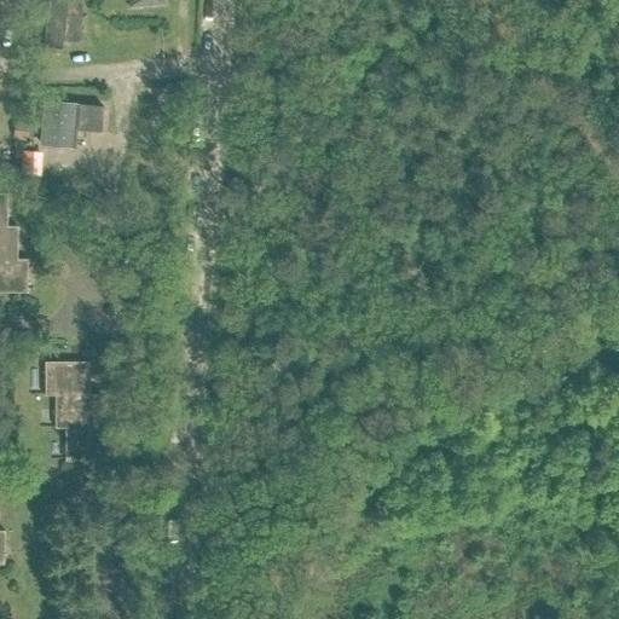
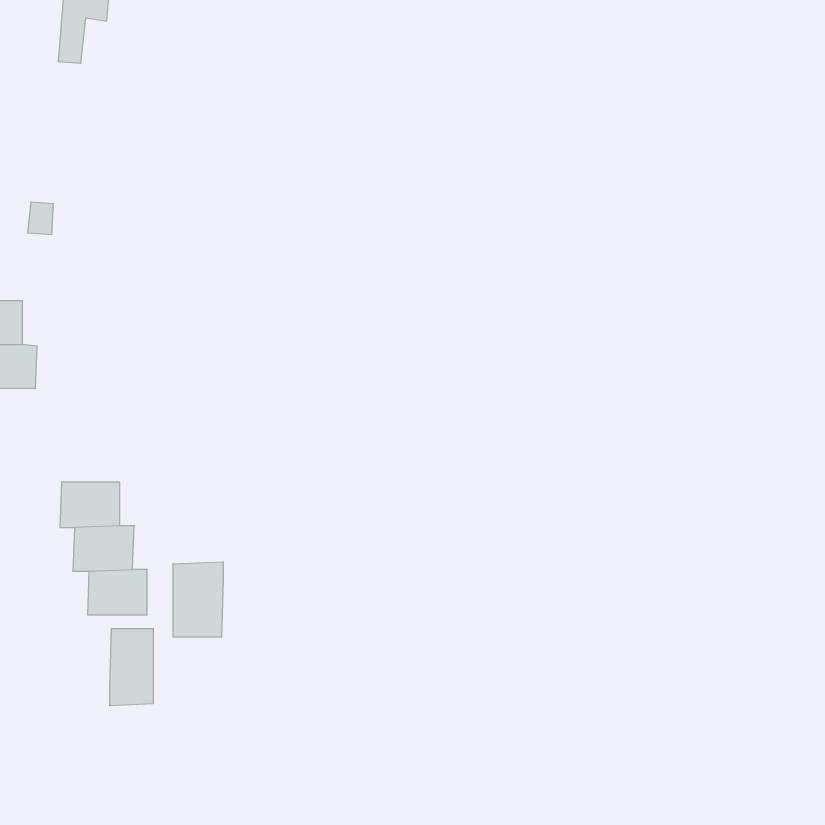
building: [40,102,103,147] -> none
building: none -> [173,562,223,637]
building: none -> [110,628,153,706]

